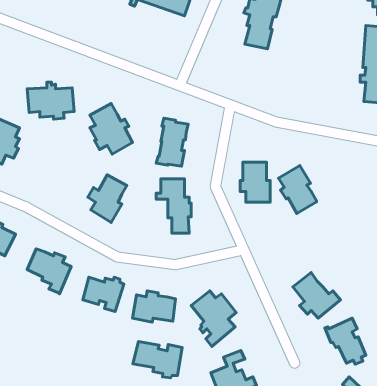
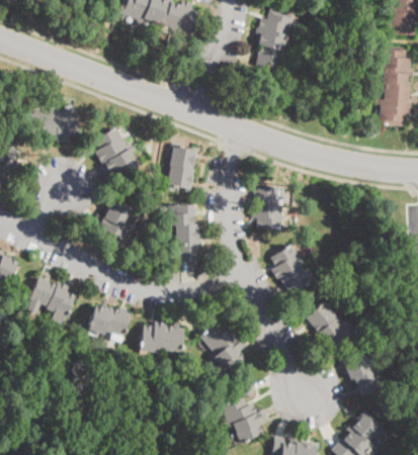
building: [278,166,317,213] -> [270,244,310,293]
building: [133,341,182,378] -> none

